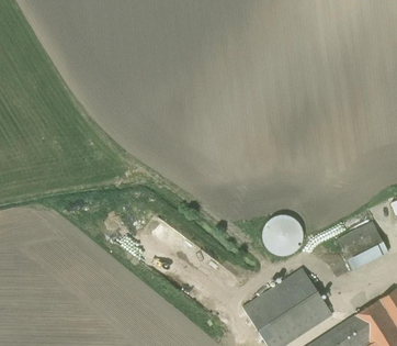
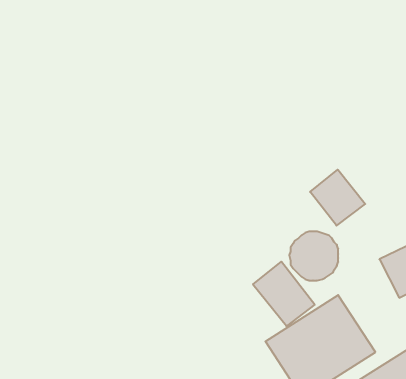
building: none -> [310,170,365,226]
building: none -> [253,262,315,326]

